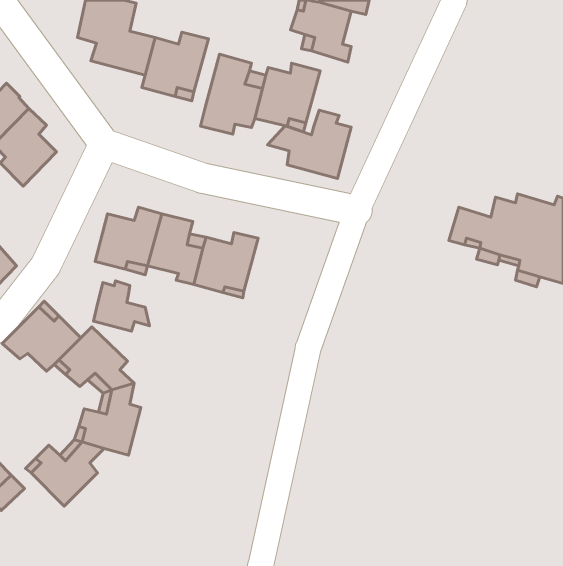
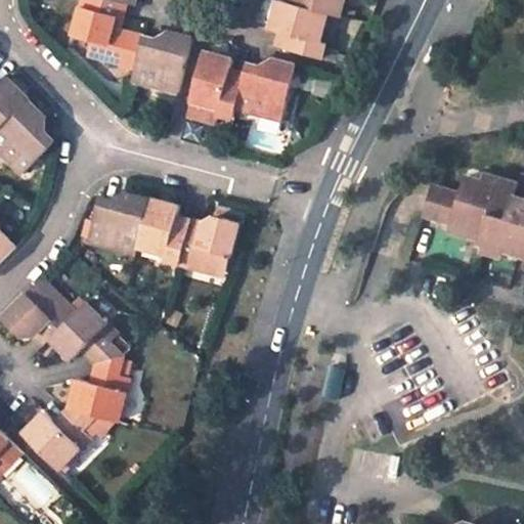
building: [267,110,351,179] -> none
building: [93,281,150,331] -> none

